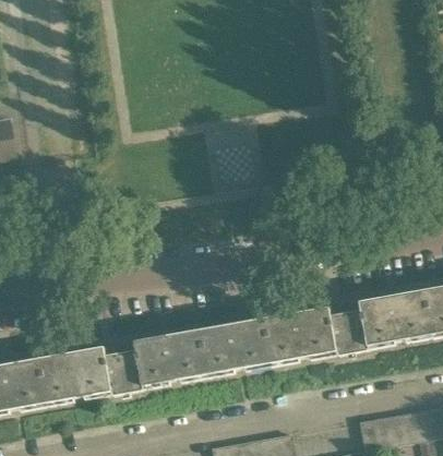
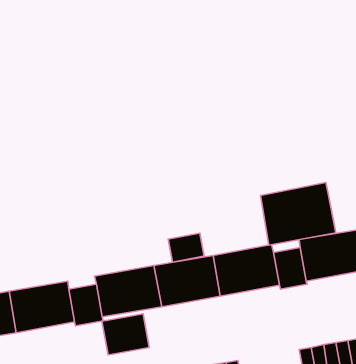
building: none -> [260,182,336,245]
building: none -> [168,233,204,262]
building: none -> [102,314,149,355]

